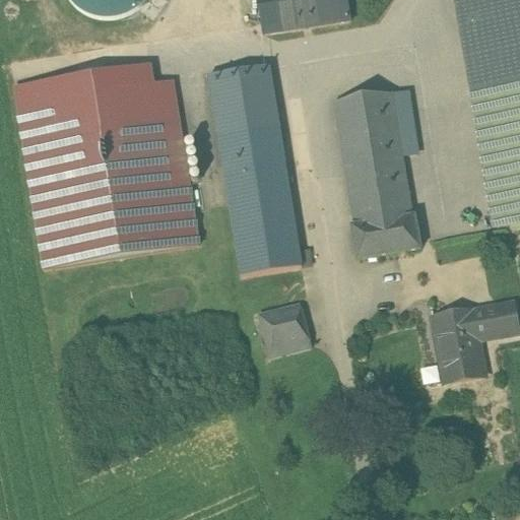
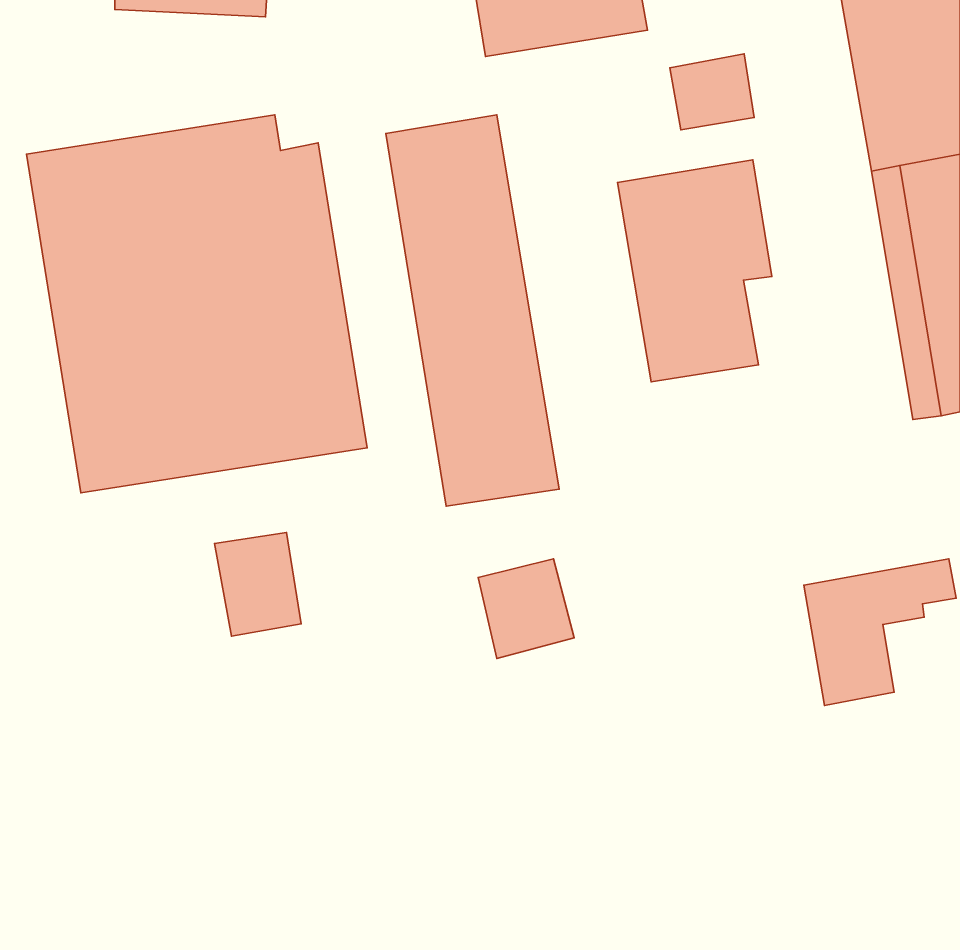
building: none -> [670,54,754,130]
building: [351,197,419,255] -> none
building: none -> [215,532,301,636]

